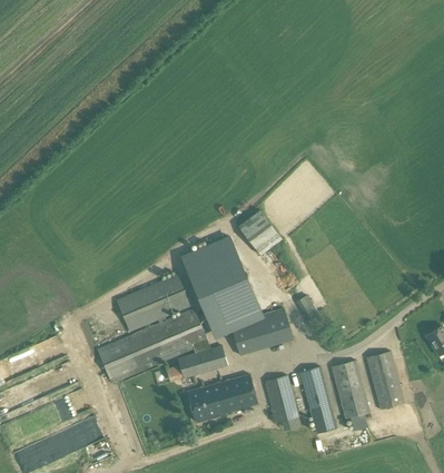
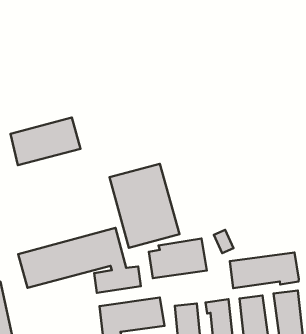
building: [237,209,280,255] -> none
building: [116,274,190,331] -> [10,118,80,165]
building: none -> [230,252,299,288]

